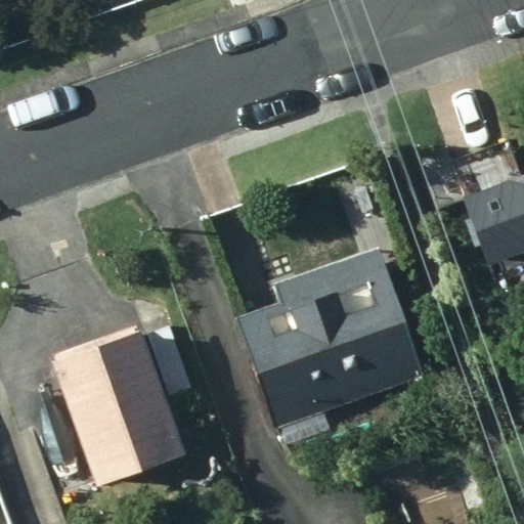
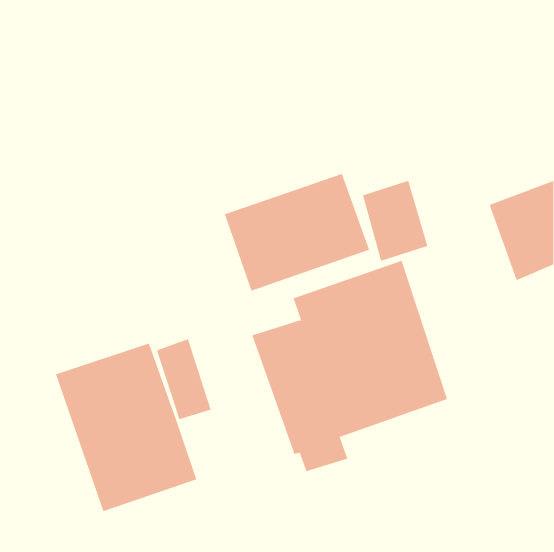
building: none -> [224,173,370,291]

